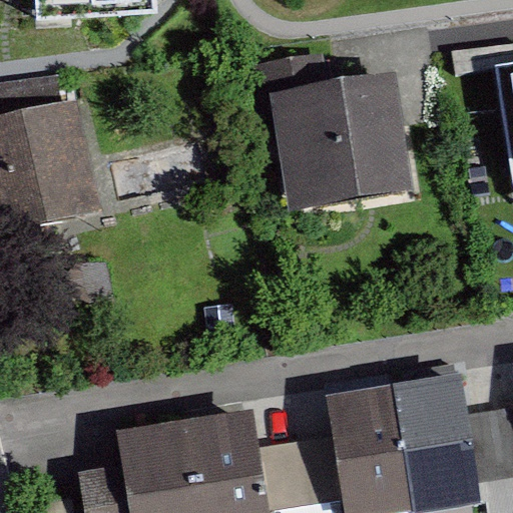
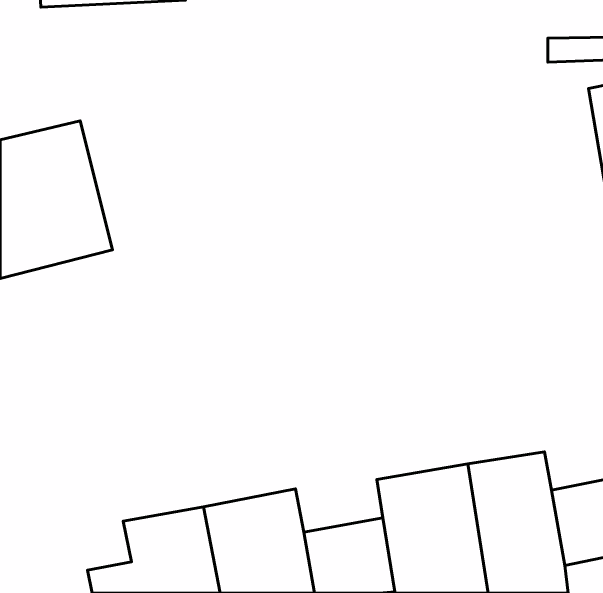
building: [270,78,410,206] -> none

